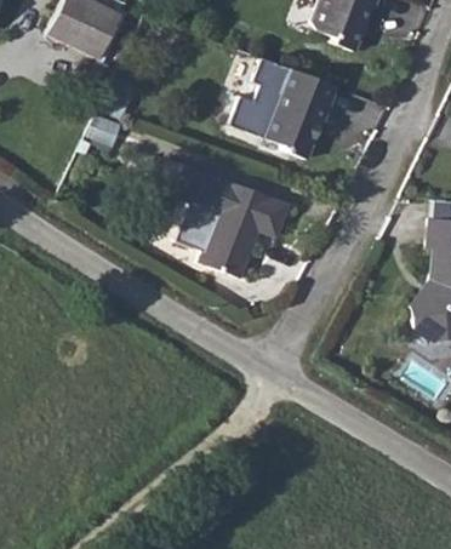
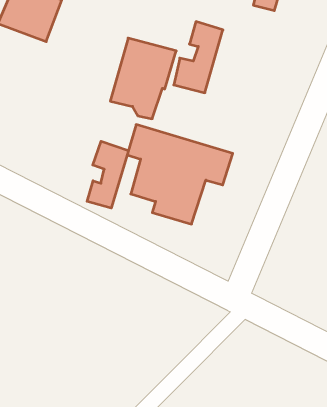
building: [270,67,349,159] -> [110,38,176,119]
building: none -> [87,141,128,208]

